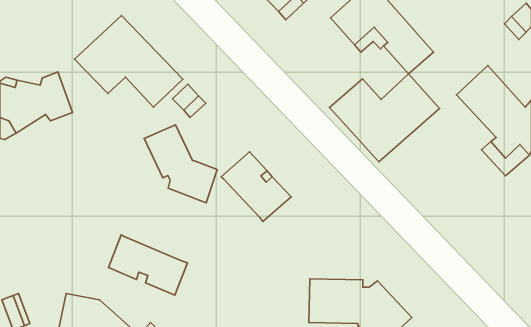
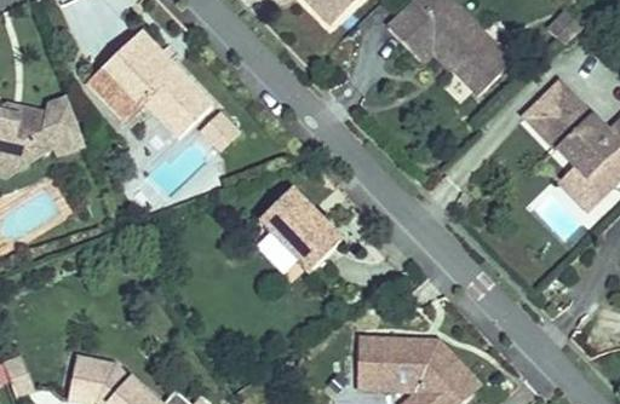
building: [330,74,439,162] -> none
building: [144,125,217,203] -> none
building: [109,235,187,295] -> none

